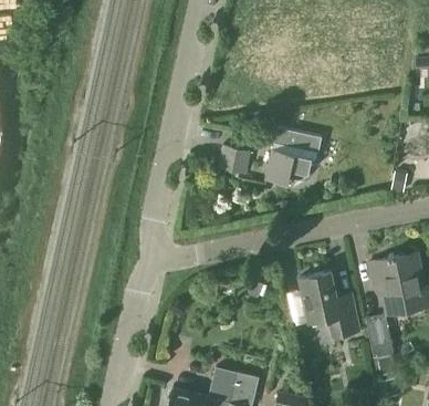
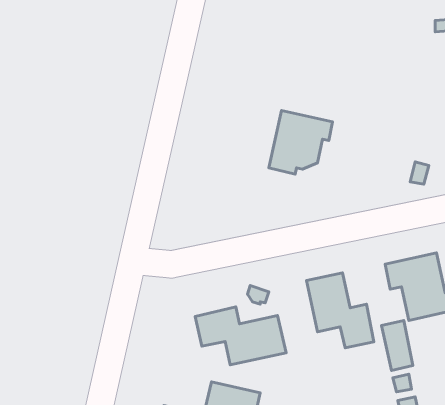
building: [219,146,250,174] -> none
building: none -> [195,307,286,365]

